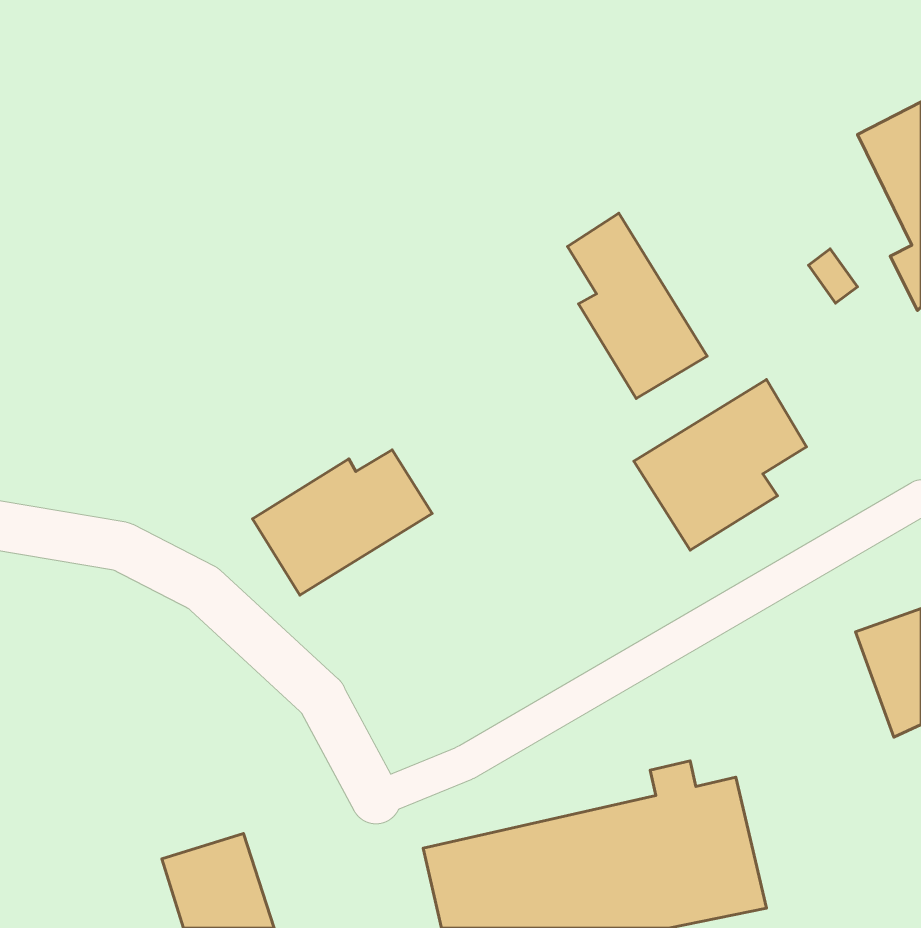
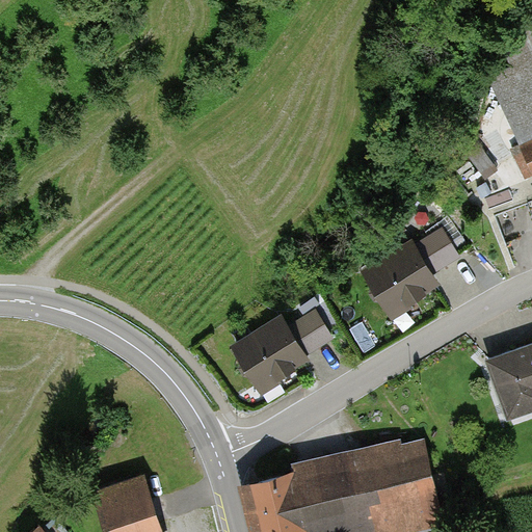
building: [568,213,707,398] -> none
building: [252,450,432,595] -> [238,310,341,393]

